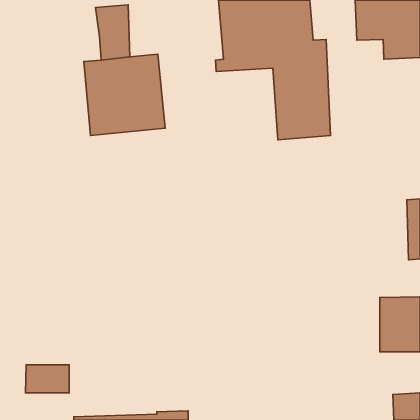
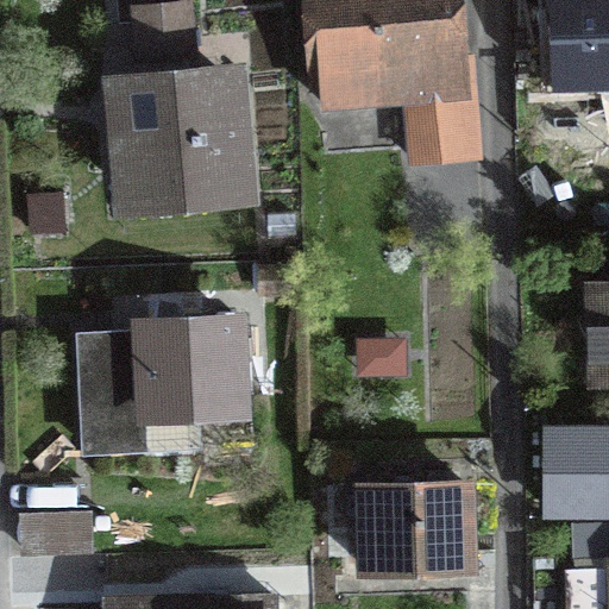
building: none -> [82,322,241,447]
building: none -> [364,470,467,569]

